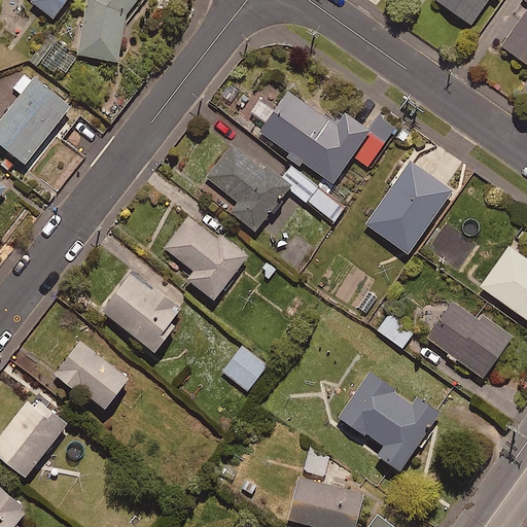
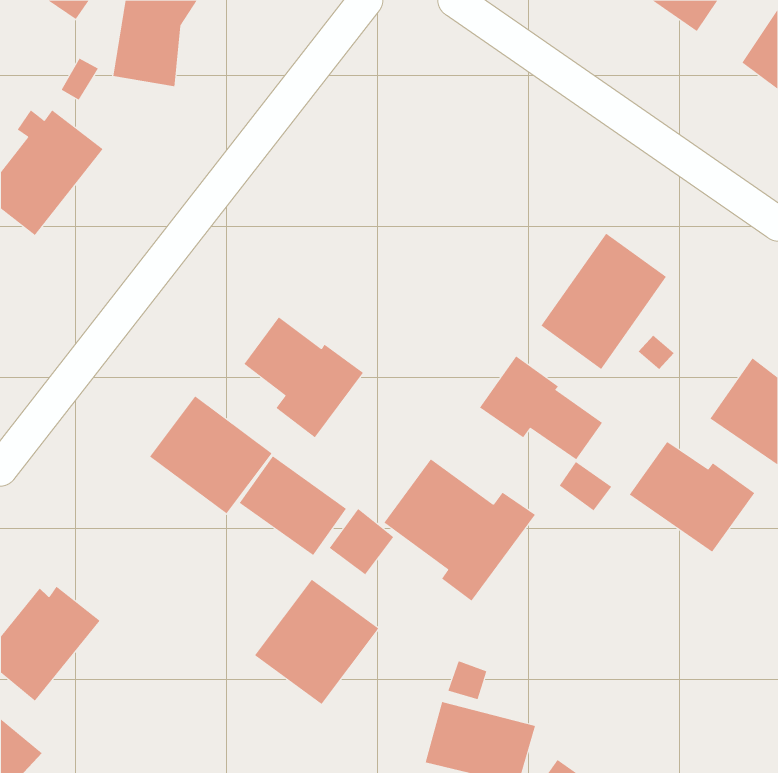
building: [260,91,393,181] -> none
building: [207,142,345,232] -> none
building: none -> [479,356,603,460]
building: [54,341,127,409] -> [239,456,347,556]
building: [338,373,441,469] -> [383,458,536,601]
building: none -> [254,579,379,705]

